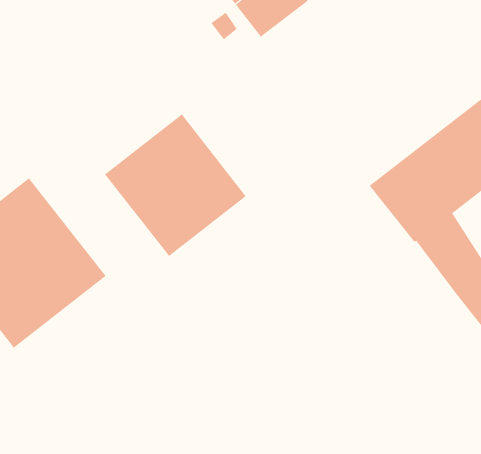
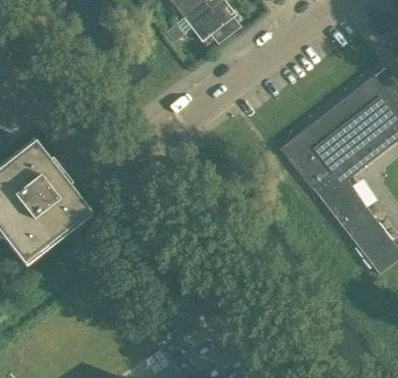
building: [104,114,247,257] -> none

